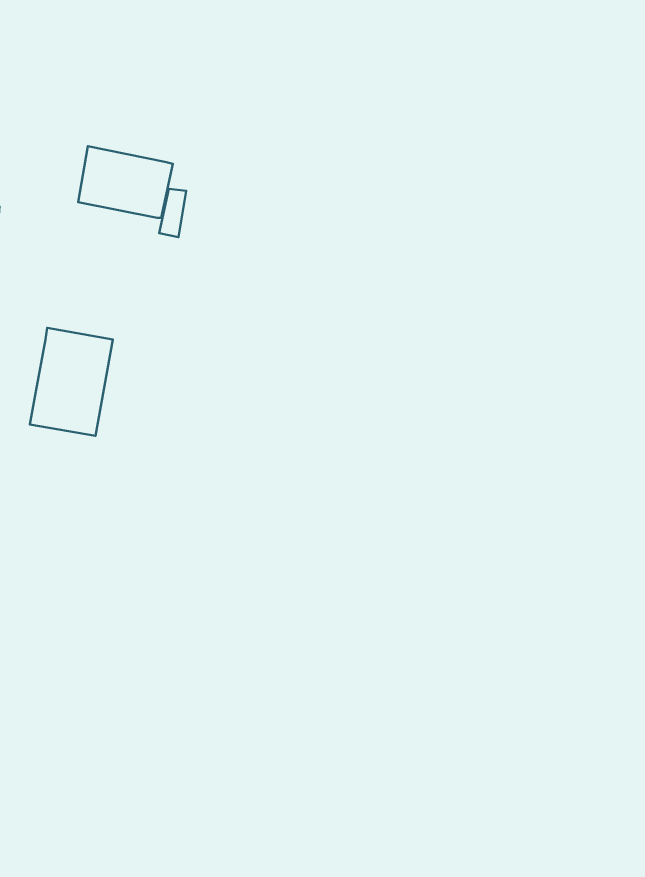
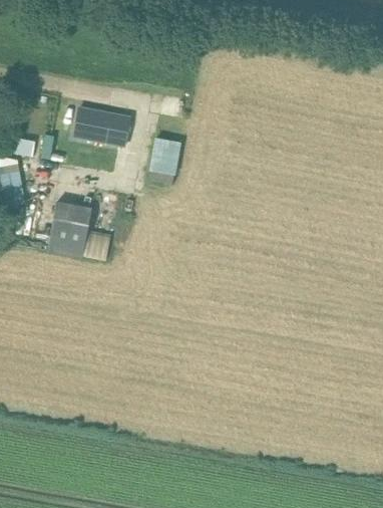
building: none -> [145,135,181,174]

